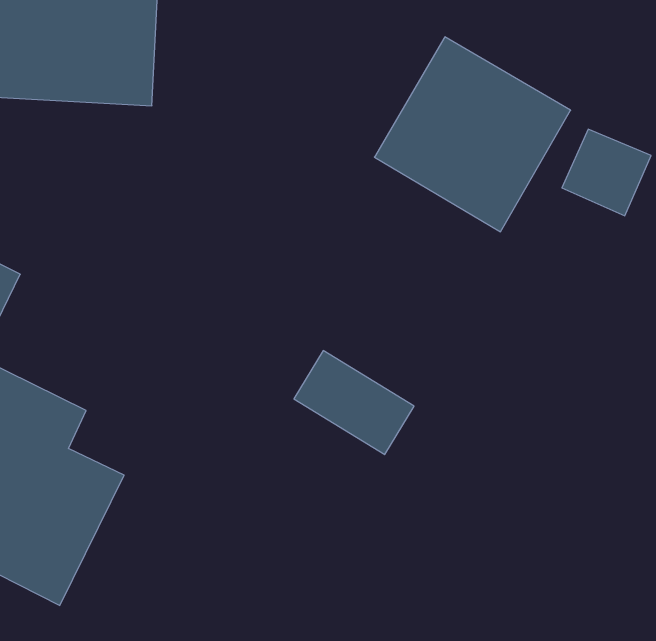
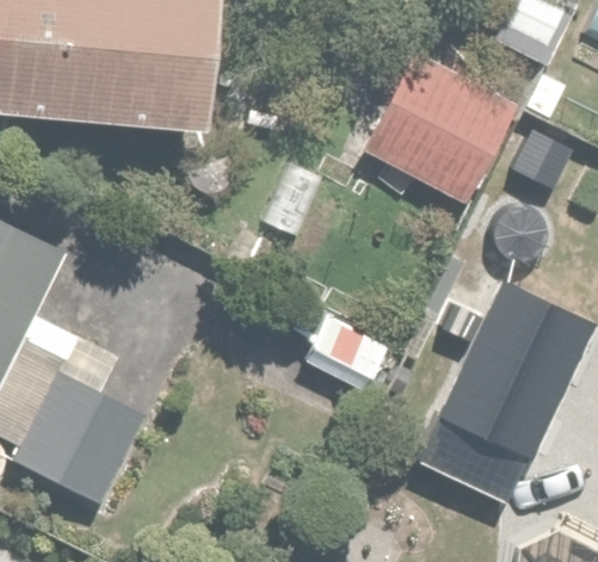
building: none -> [432,286,580,456]

